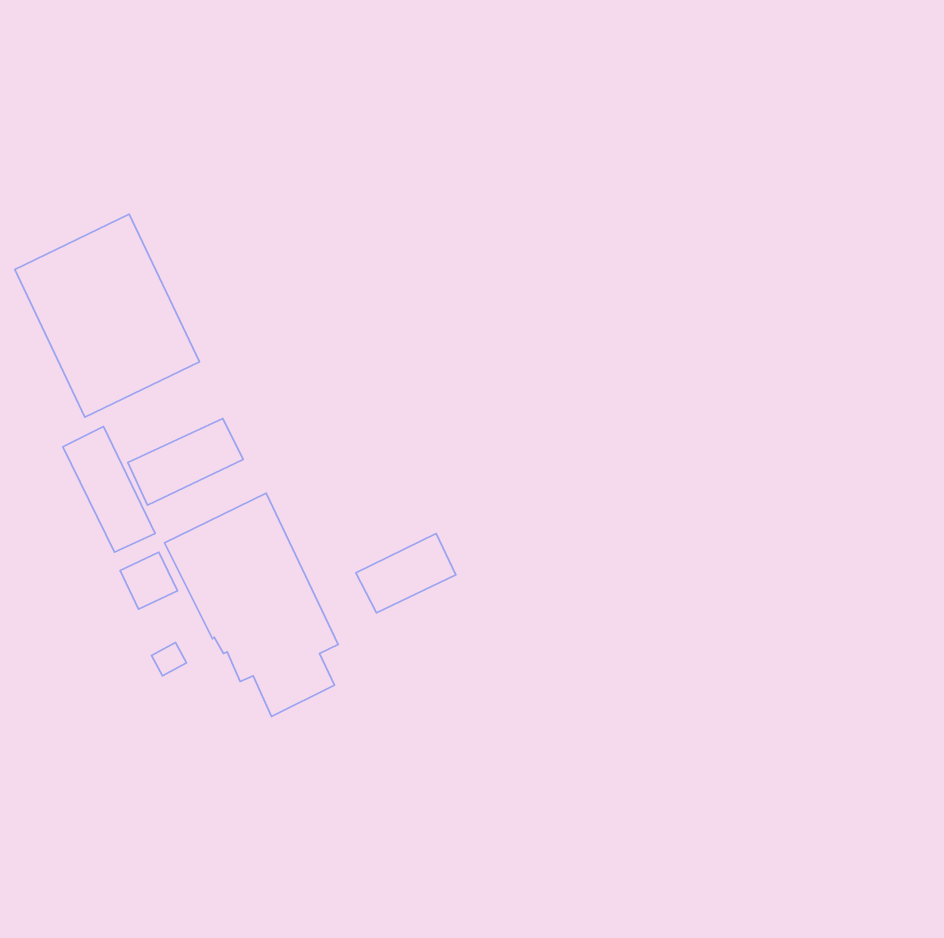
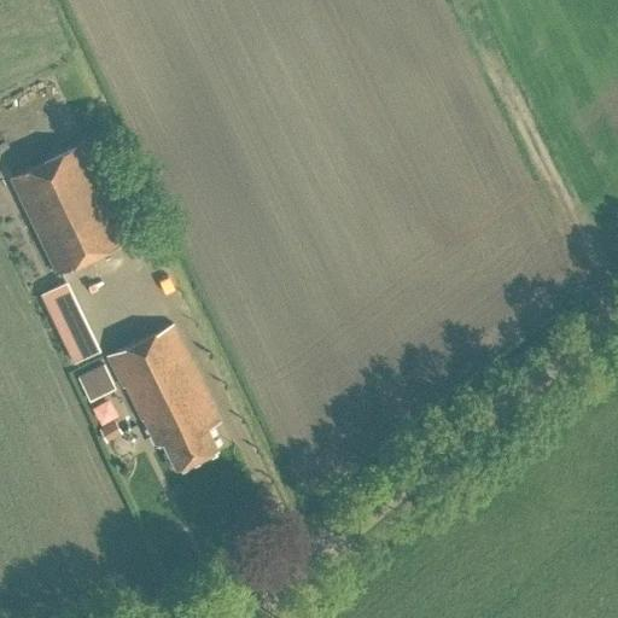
building: [128,418,243,505] -> none
building: [356,533,456,613] -> none

